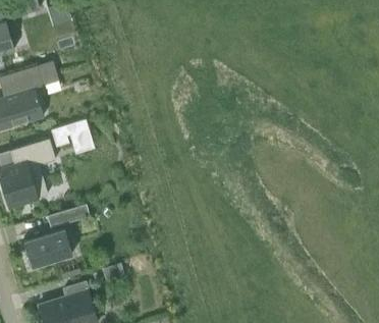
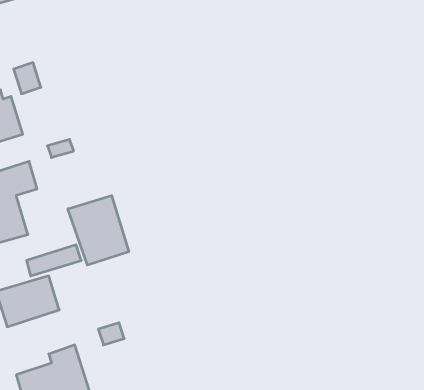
building: none -> [68,196,129,265]

